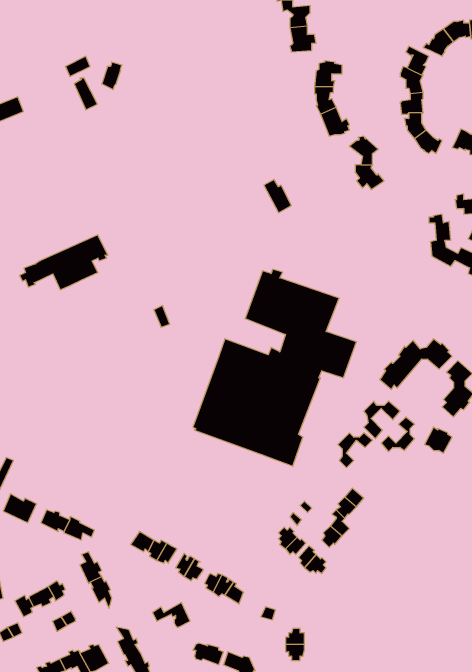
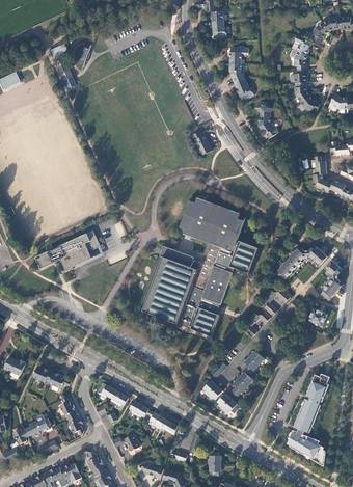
building: [20,235,108,290] -> [36,231,100,270]
building: none -> [288,374,329,466]

